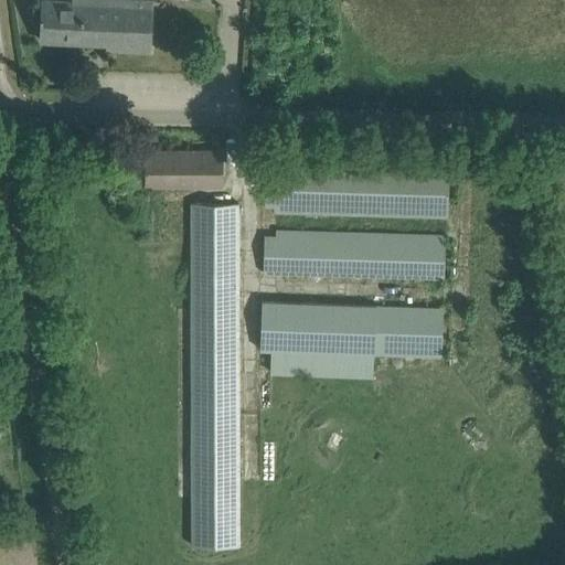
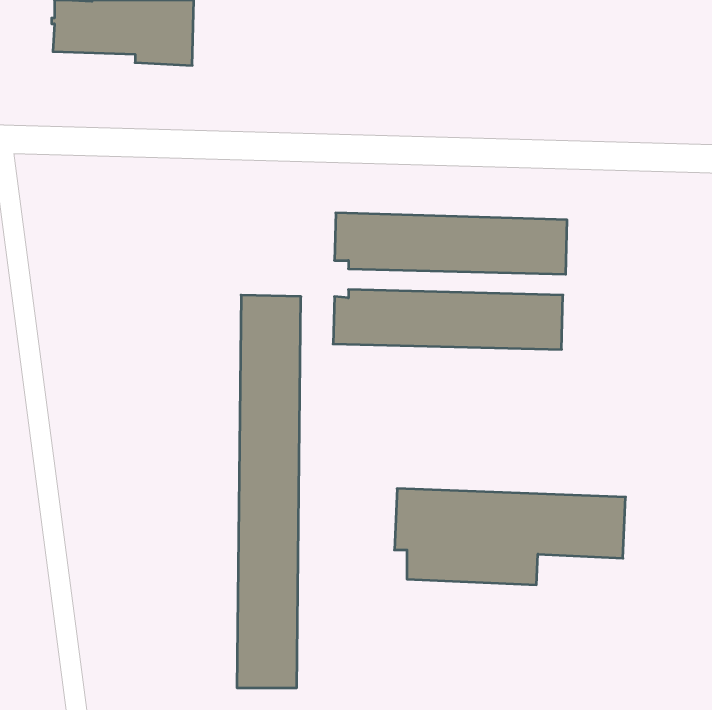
building: [147,152,223,185] -> none
building: [191,203,242,236] -> none
building: [260,302,444,379] -> [394,489,626,585]

